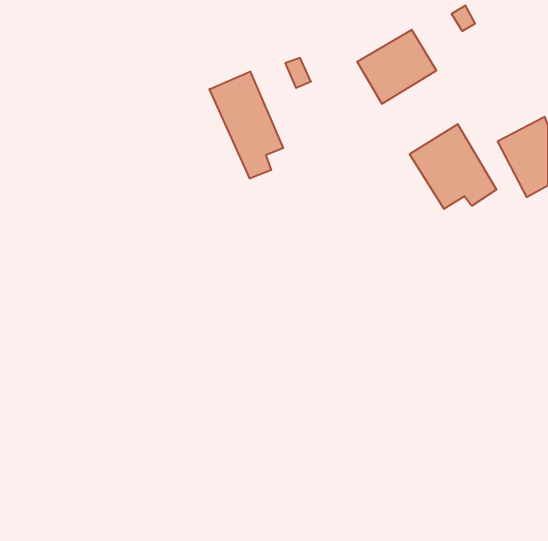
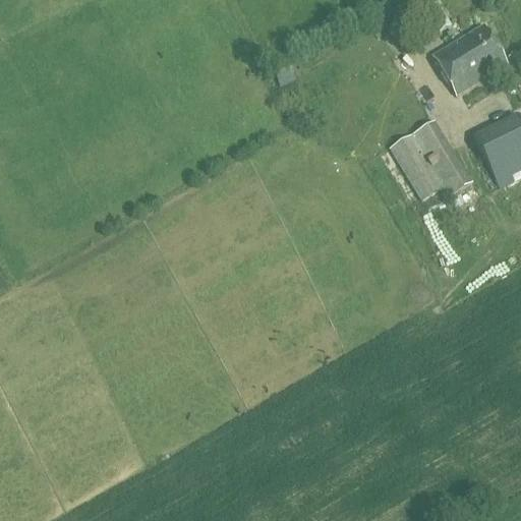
building: [357,30,436,104] -> [432,22,508,93]
building: [209,71,283,179] -> none

